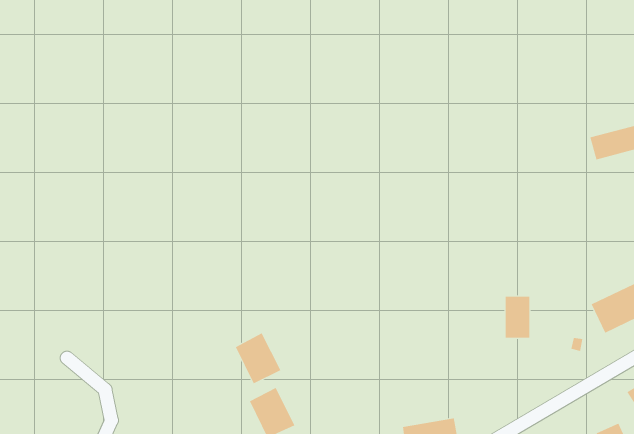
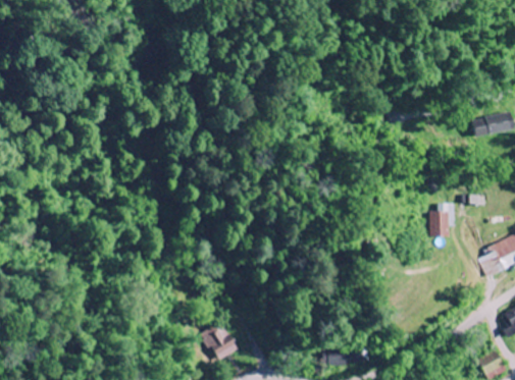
building: [505,296,530,338] -> [431,204,452,237]
building: [235,333,281,384] -> none

